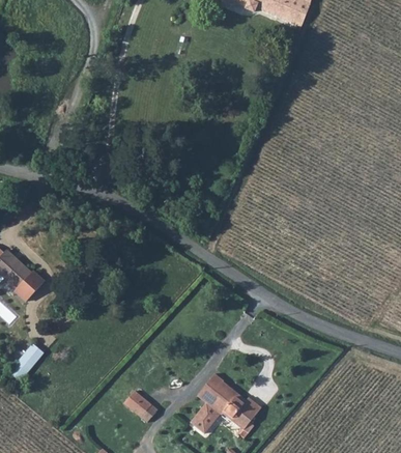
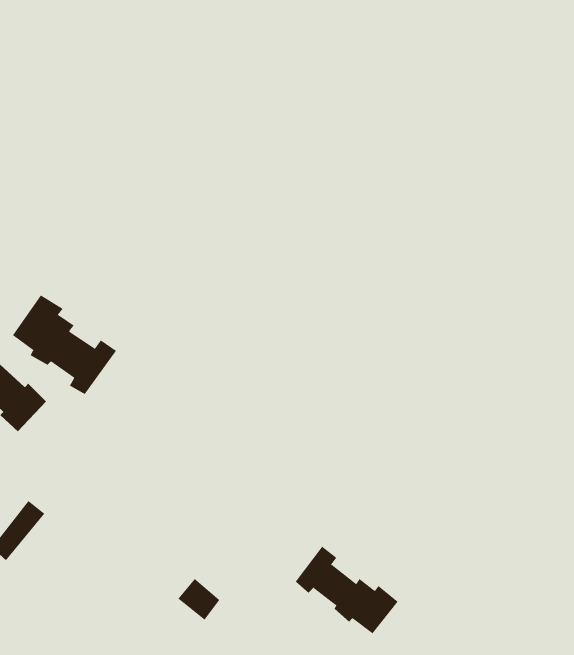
building: none -> [12,294,117,395]
building: [188,397,220,431] -> none

